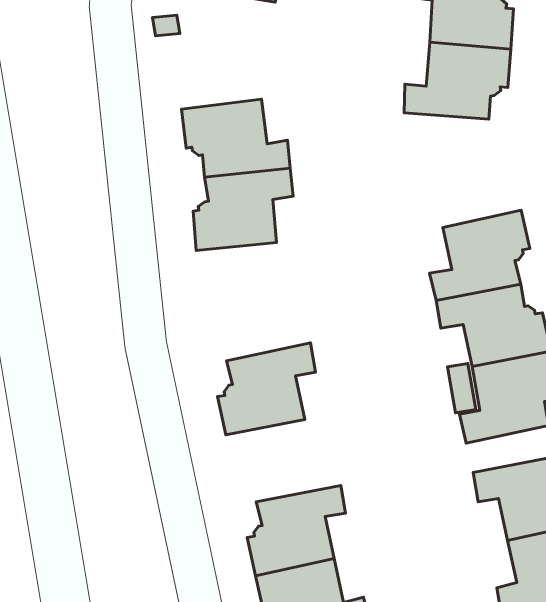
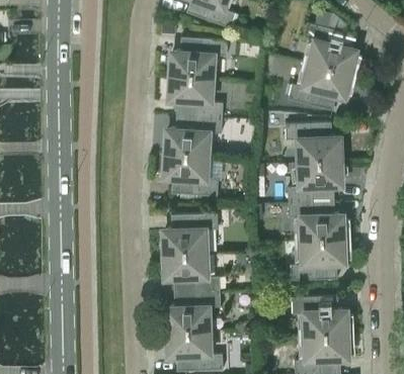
building: none -> [171,36,229,78]
building: none -> [287,121,343,163]
building: none -> [165,153,220,196]
building: none -> [165,253,222,292]

